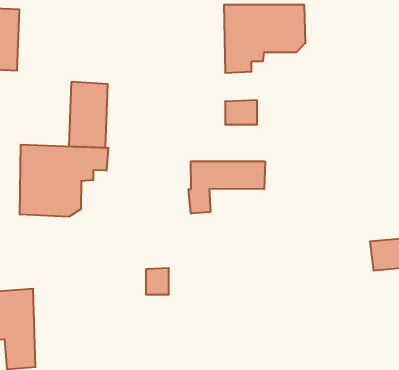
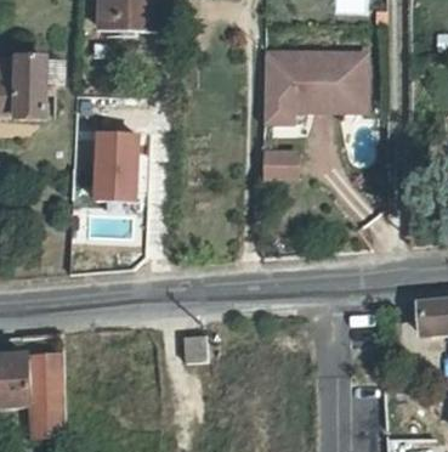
building: none -> [304,51,365,111]
building: [20,145,108,217] -> none
building: [188,161,265,214] -> none

